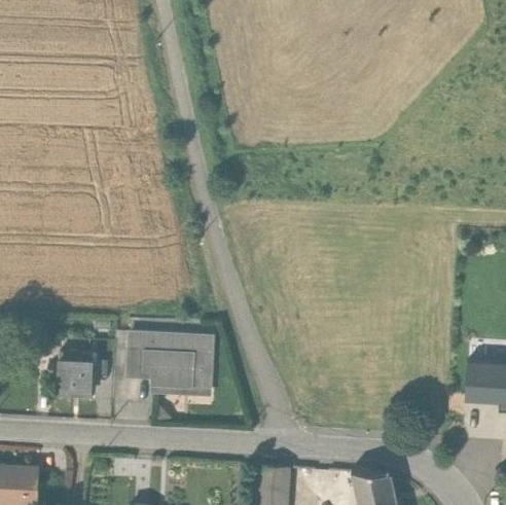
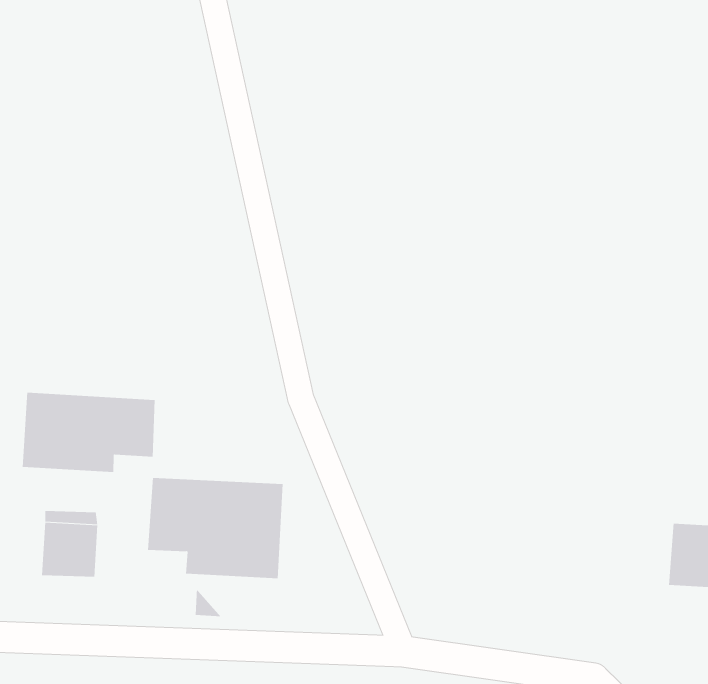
building: none -> [22,392,155,473]

